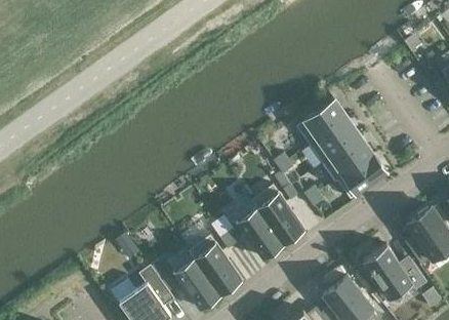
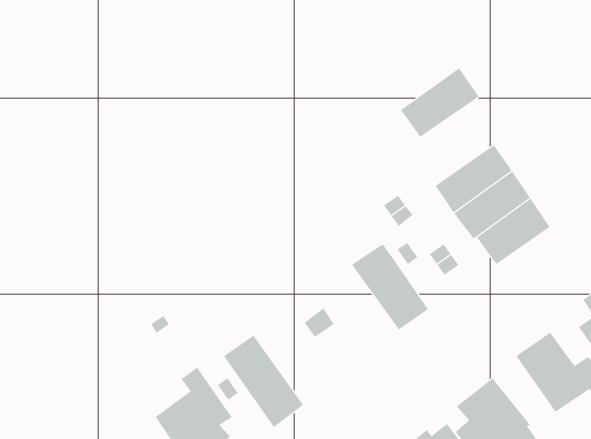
building: [295,99,349,147] -> [400,68,479,138]
building: [228,195,284,258] -> none
building: [179,222,242,294] -> none

